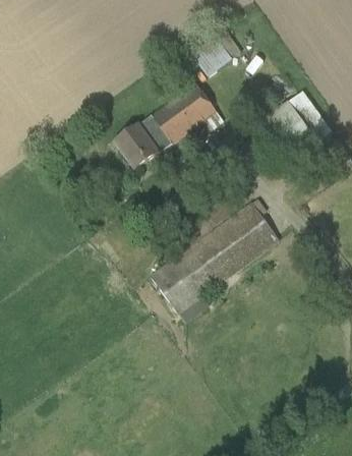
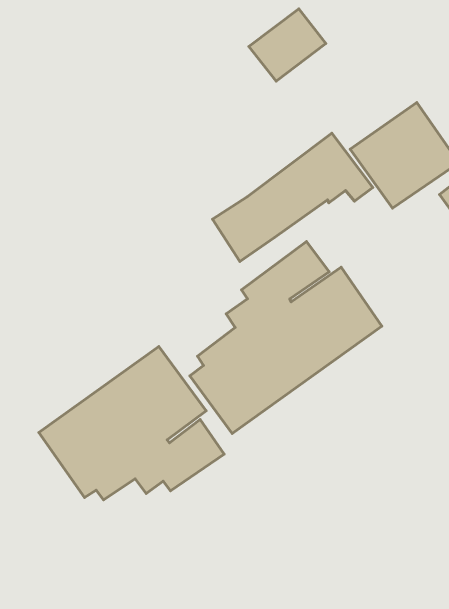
building: [116,82,224,169] -> [213,133,373,262]
building: none -> [39,346,224,500]

